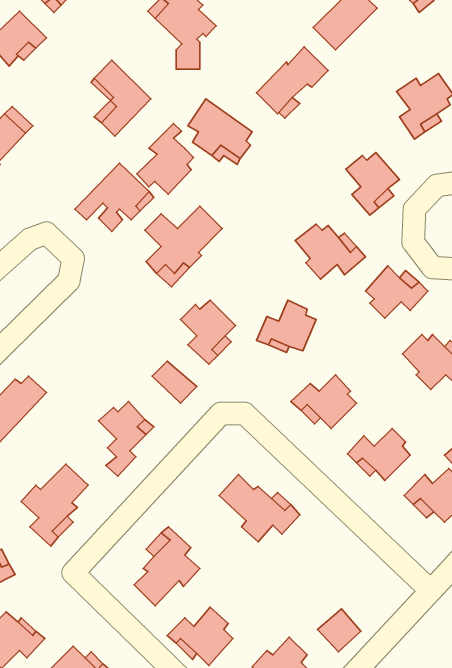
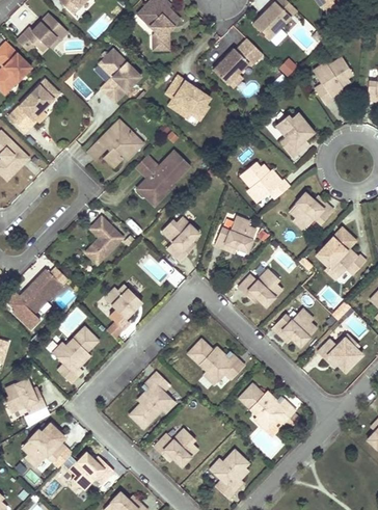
building: [137,123,194,194] -> none
building: none -> [85,216,124,264]
building: none -> [239,383,300,429]

